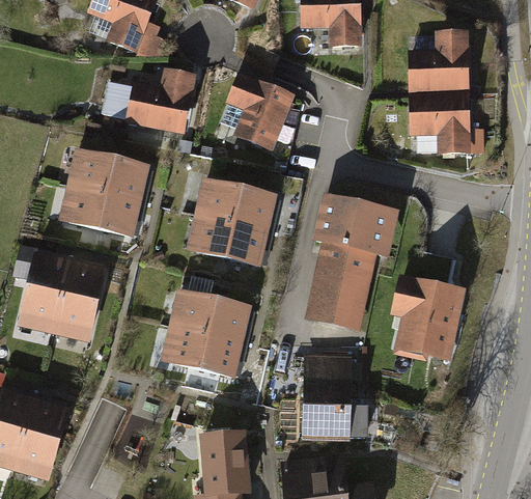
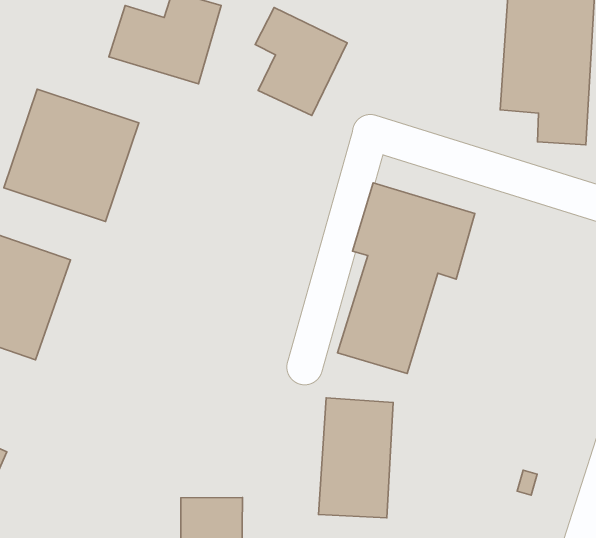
building: [187,175,279,267] -> none
building: [391,277,452,353] -> none
building: [161,287,252,377] -> none

